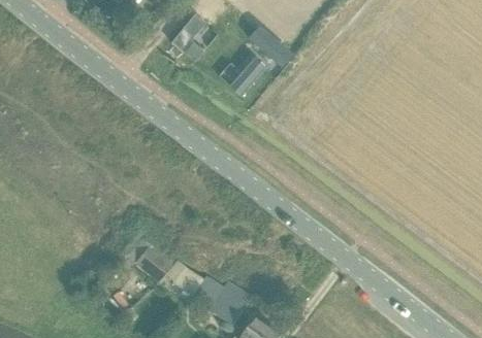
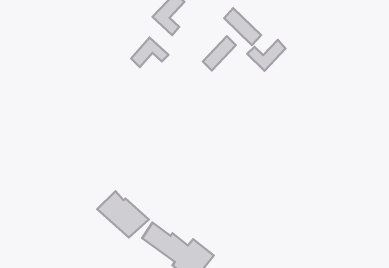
building: none -> [247,40,286,71]
building: none -> [131,38,168,67]

